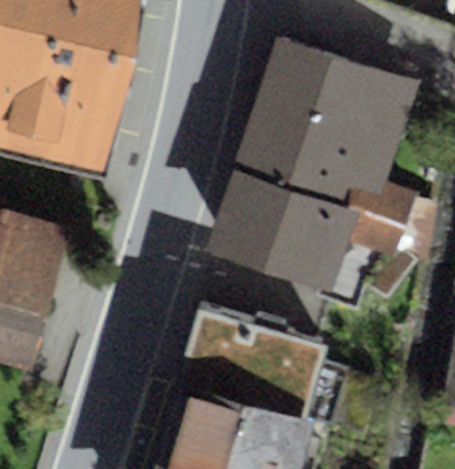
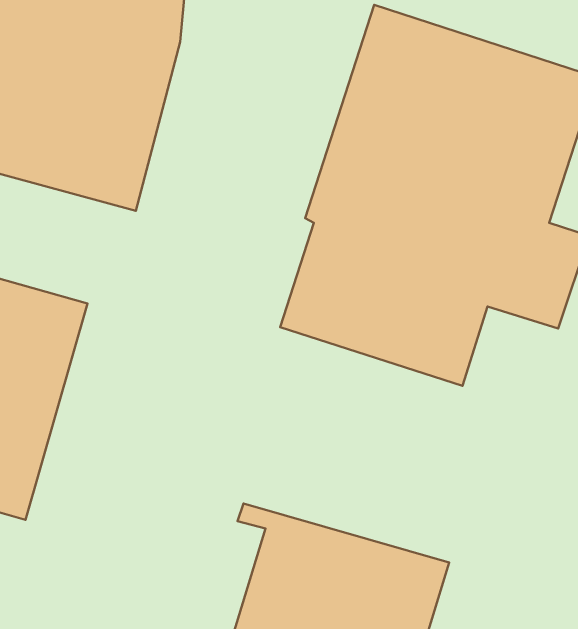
building: [177,307,352,422] -> none

